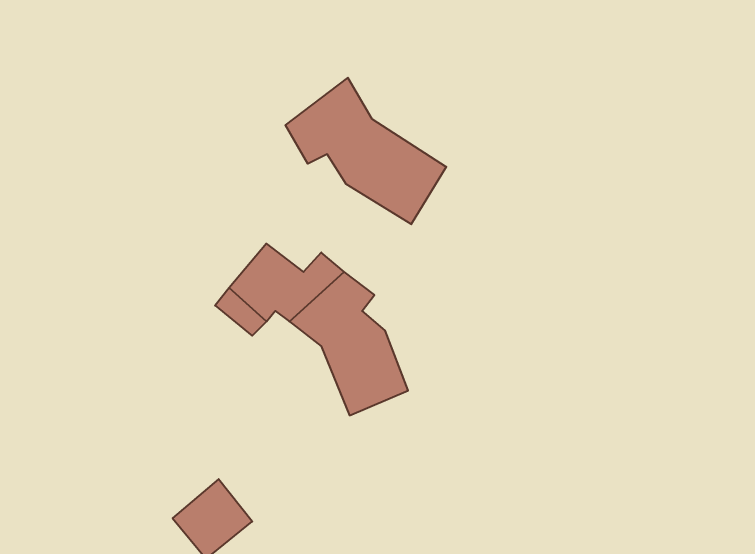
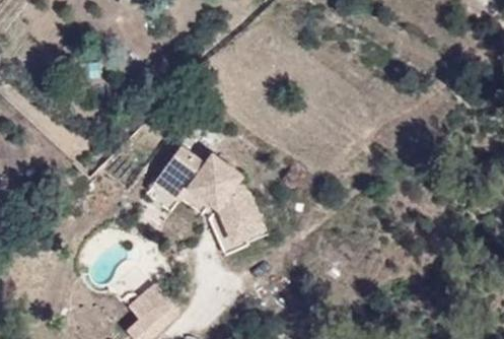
building: [285,78,446,224] -> none

